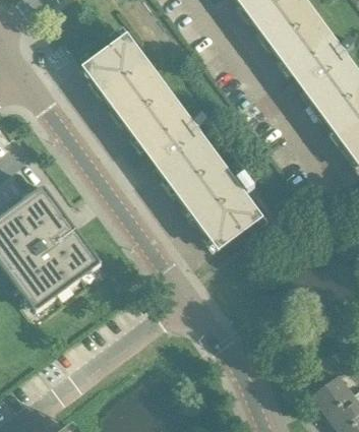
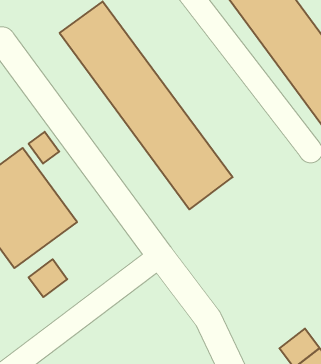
building: none -> [29,132,59,164]
building: none -> [29,259,67,297]

